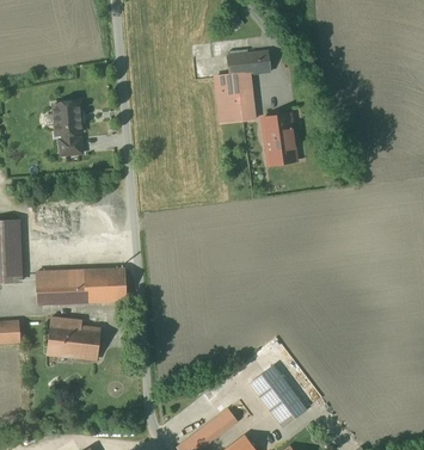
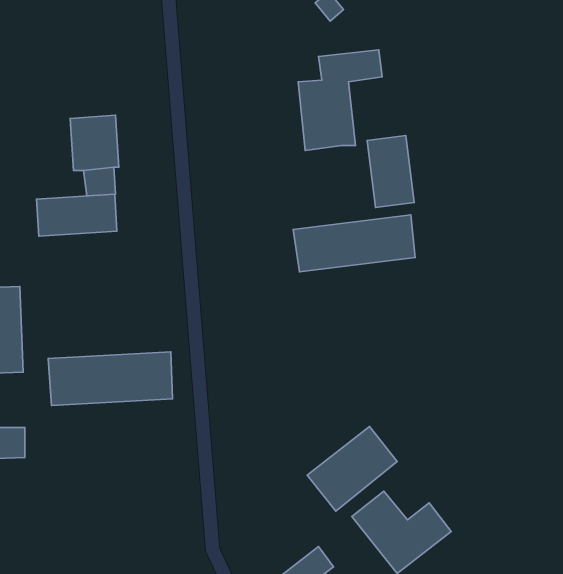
building: none -> [37,194,117,236]
building: none -> [293,215,415,272]
building: none -> [307,426,397,511]
building: [45,322,103,359] -> none

